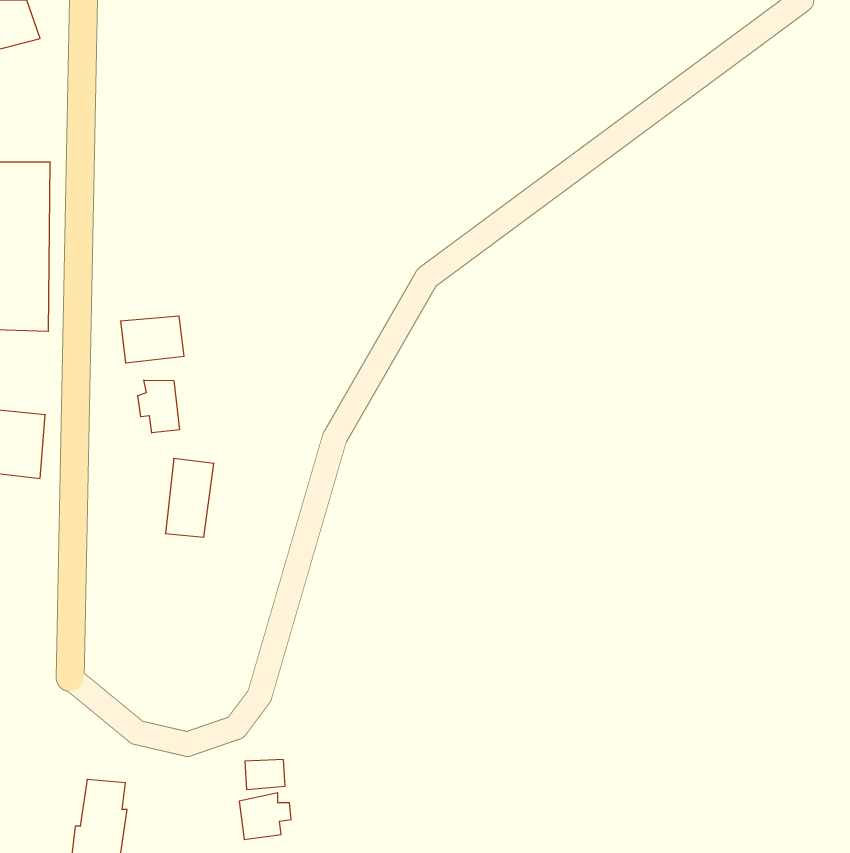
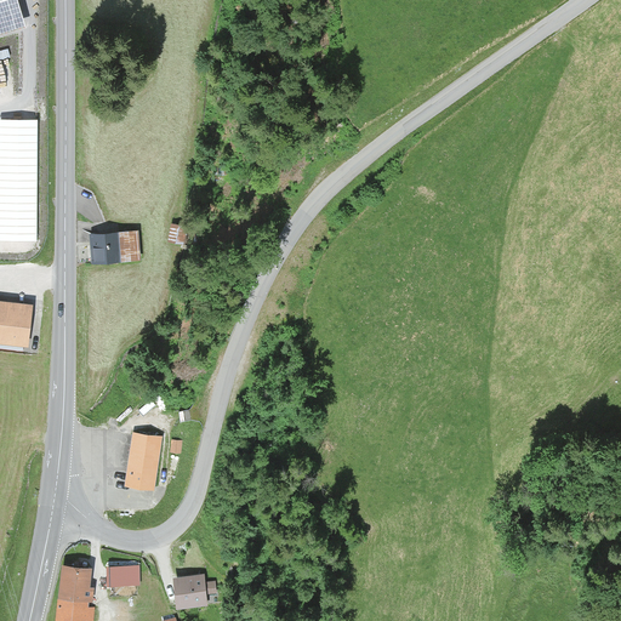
building: [138,380,180,433] -> none
building: [165,458,214,537] -> [124,433,159,490]
building: [245,760,285,790] -> [107,566,136,588]

